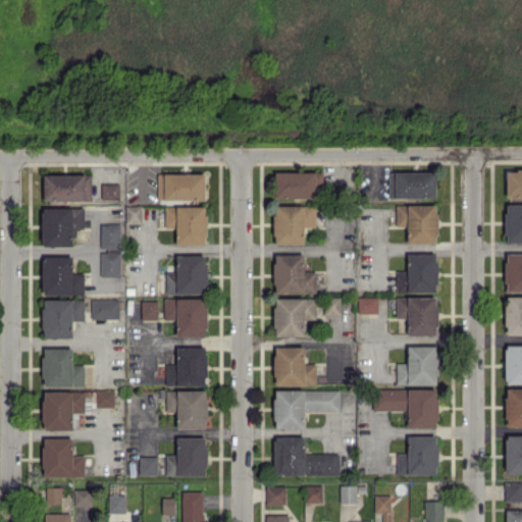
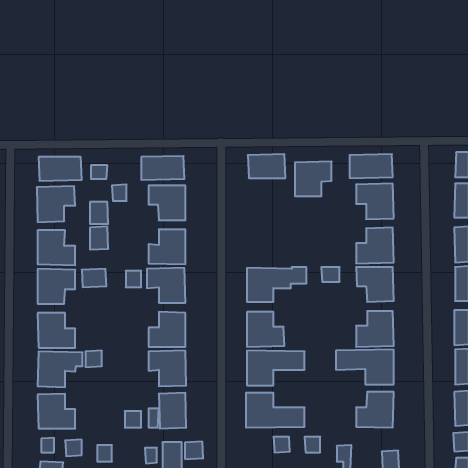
building: [275,206,316,245] -> [295,161,332,196]
building: [275,255,317,294] -> none
building: [266,486,286,506] -> [185,442,203,459]

